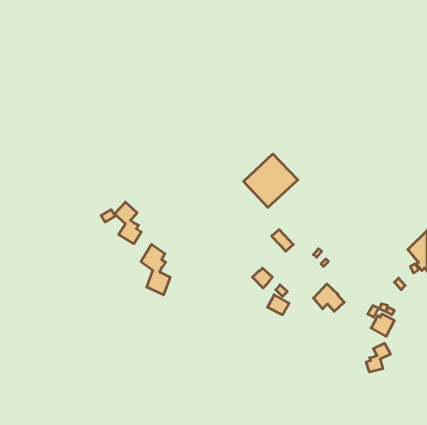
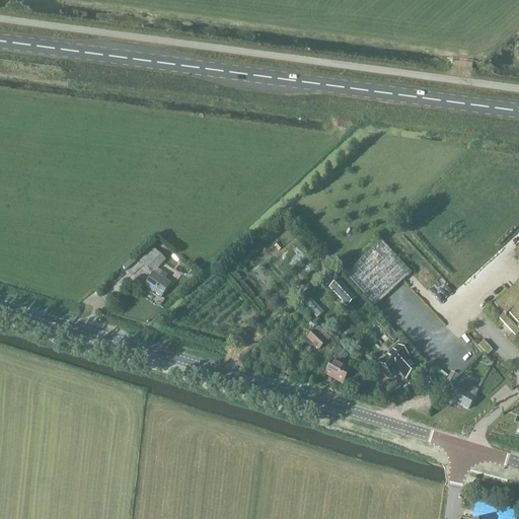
building: [244,154,298,207] -> [346,239,412,304]
building: [141,244,170,295] -> none
building: [366,343,390,372] -> none

